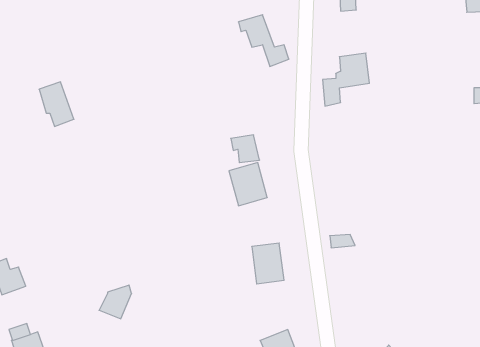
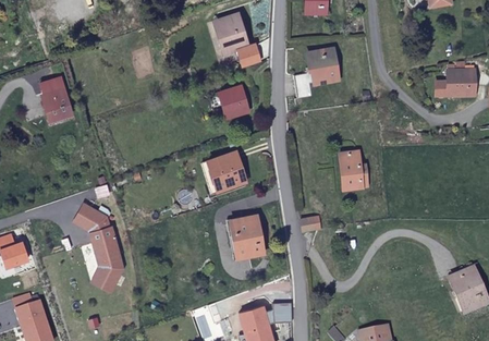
building: [231,135,260,163] -> [223,83,249,108]
building: none -> [339,151,367,187]
building: none -> [72,205,119,266]

